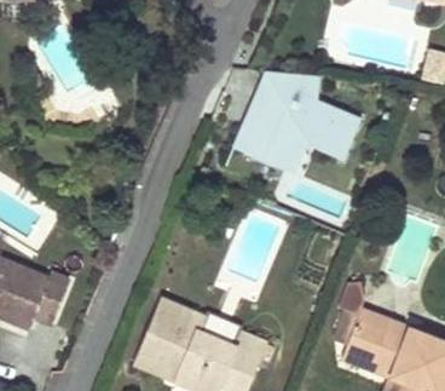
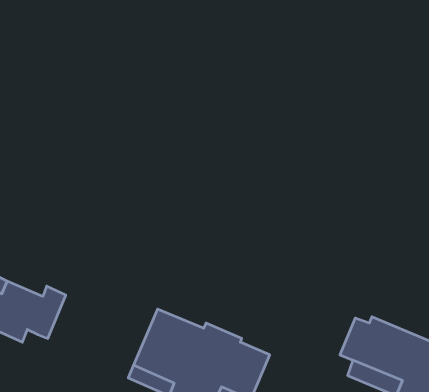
building: [233,70,360,166] -> none

